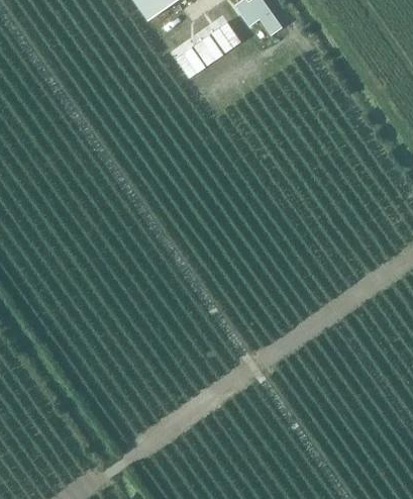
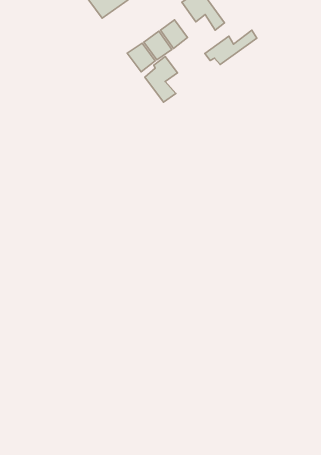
building: none -> [205,30,257,64]
building: none -> [145,56,177,102]

